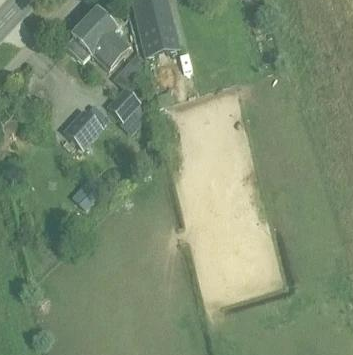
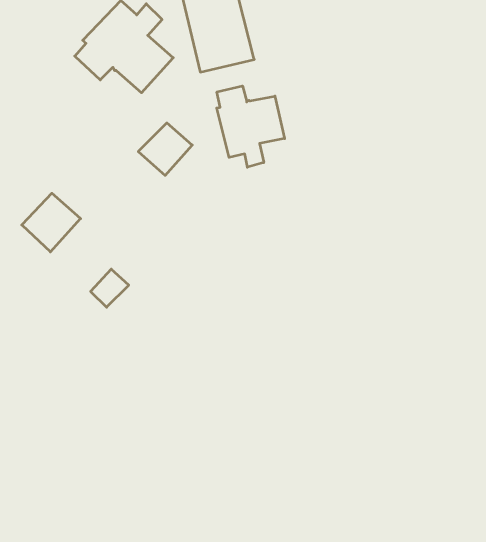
building: none -> [217,86,285,167]
building: [64,110,101,147] -> [22,193,81,252]

